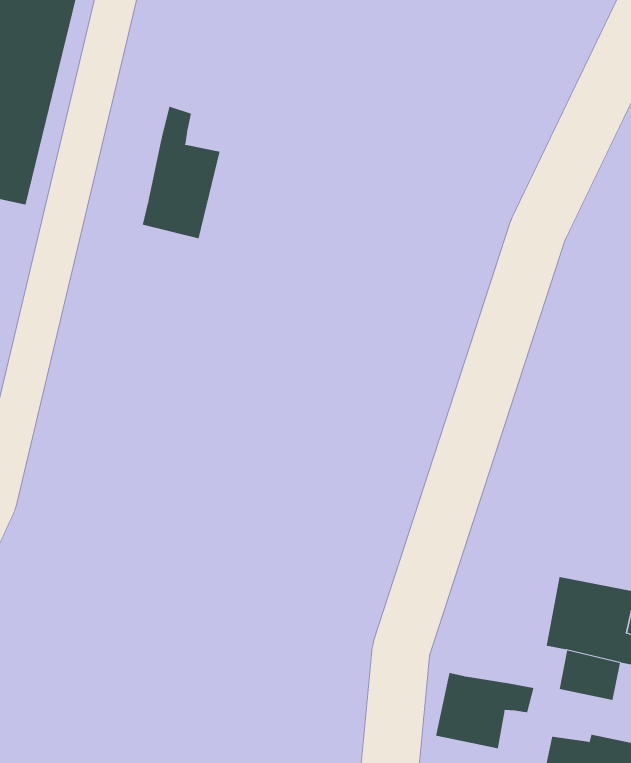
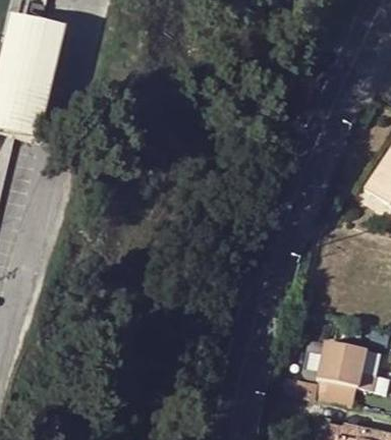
building: [142,106,220,239] -> none
building: [435,672,534,749] -> none

